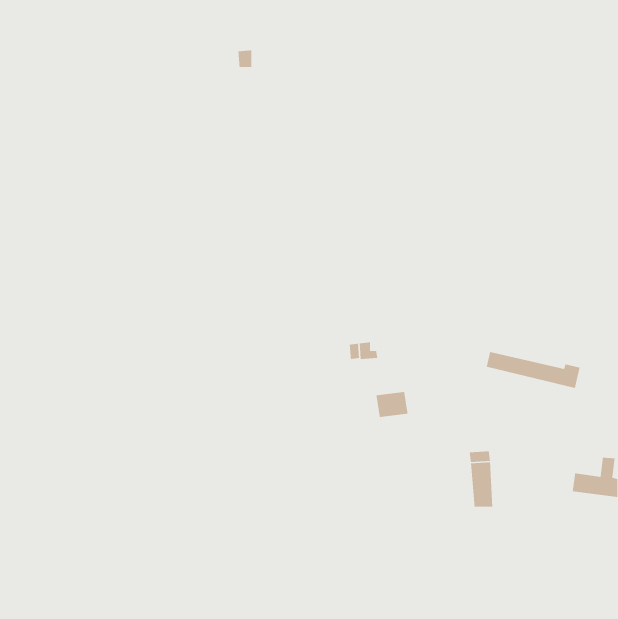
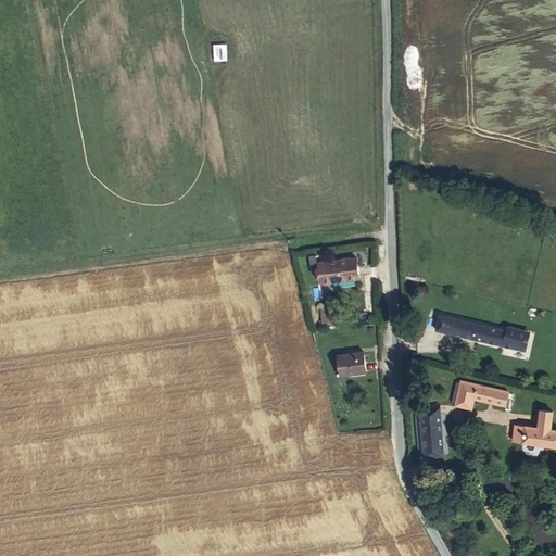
building: none -> [318,258,359,283]
building: none -> [455,381,508,408]

